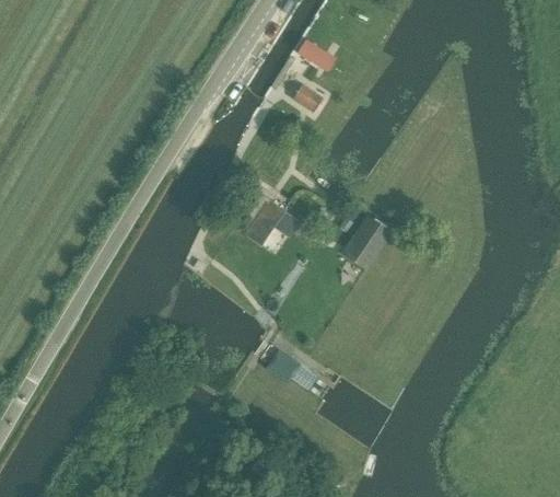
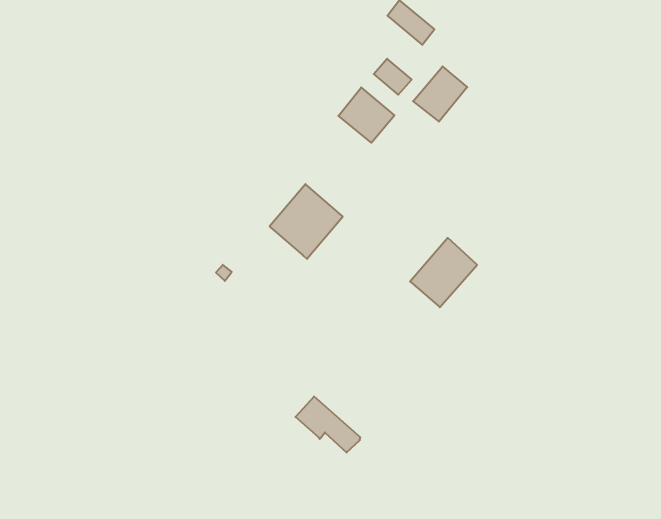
building: none -> [413,66,467,122]
building: none -> [338,87,394,143]

